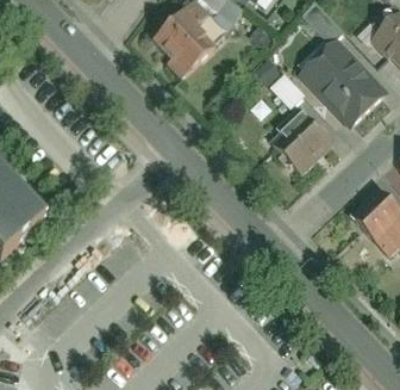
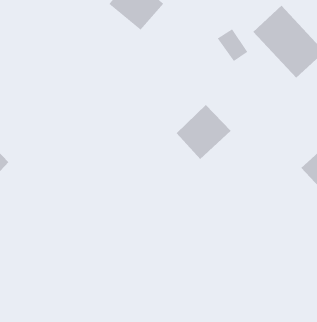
building: [270,111,330,171] -> [176,104,231,160]

